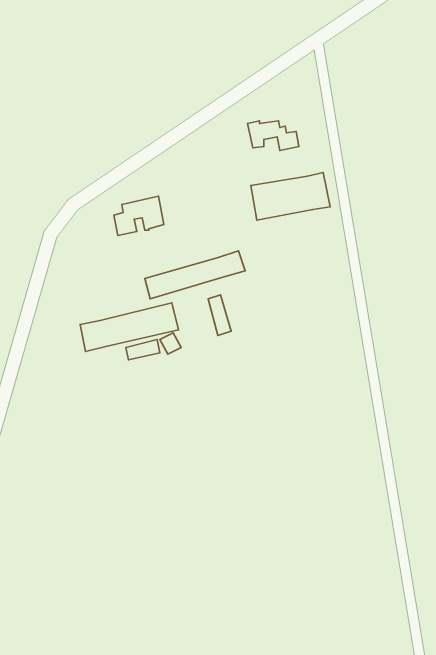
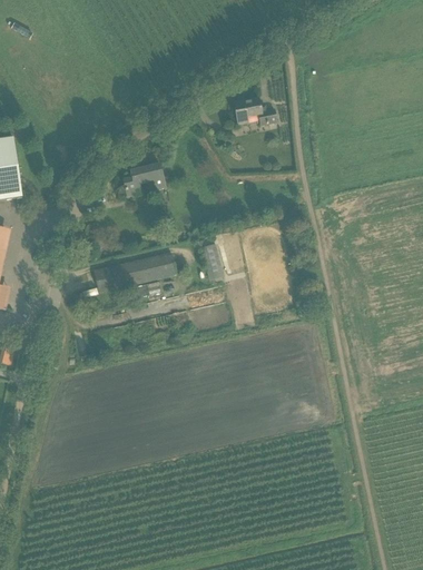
building: [251,173,330,220] -> none
building: [145,251,245,299] -> none

